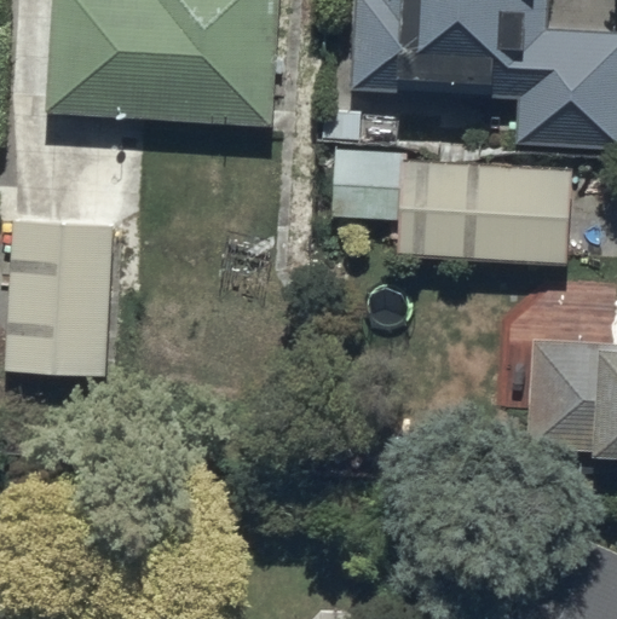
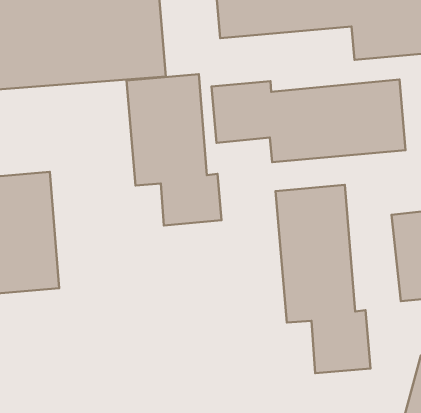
building: none -> [126,74,221,225]
building: none -> [275,185,370,373]

